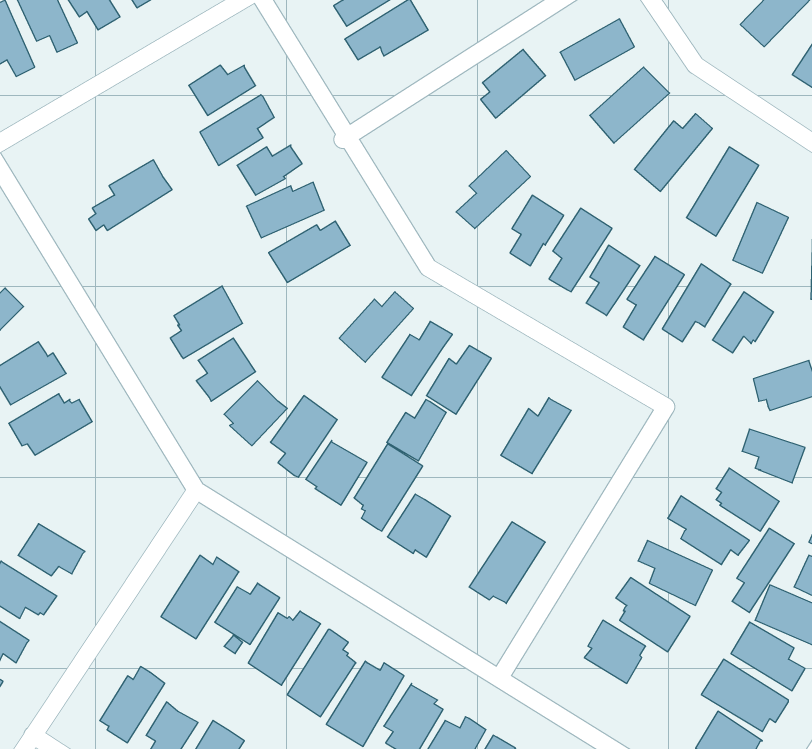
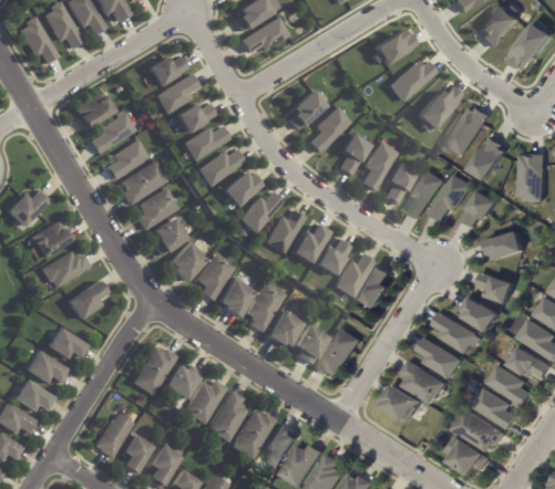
building: [481,49,546,118] -> [287,90,326,131]
building: none -> [73,91,114,131]
building: none -> [104,138,148,179]
building: none -> [120,159,168,205]
building: none -> [223,170,263,206]
building: [387,400,446,461] -> [315,239,350,275]
building: none -> [360,266,393,309]
building: none -> [66,280,106,320]
building: none -> [295,324,329,363]
building: [732,528,794,613] -> none

